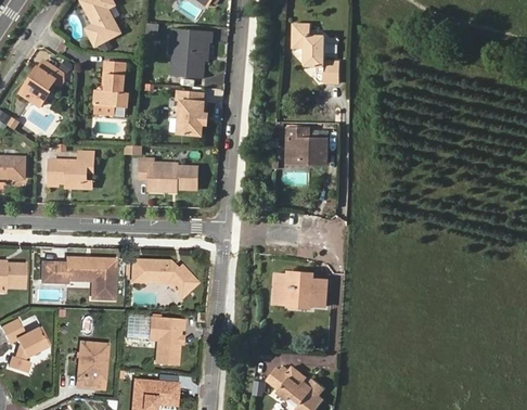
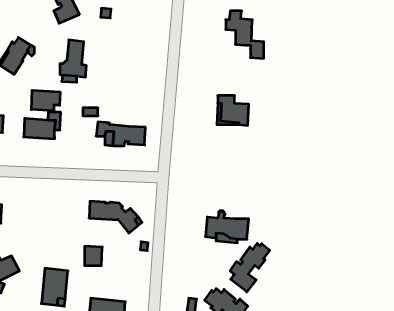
building: [175,28,215,76] -> none
building: [179,90,206,134] -> none
building: none -> [31,90,60,111]
building: [43,258,114,298] -> none
building: none -> [230,243,270,292]
building: [151,317,182,363] -> none

